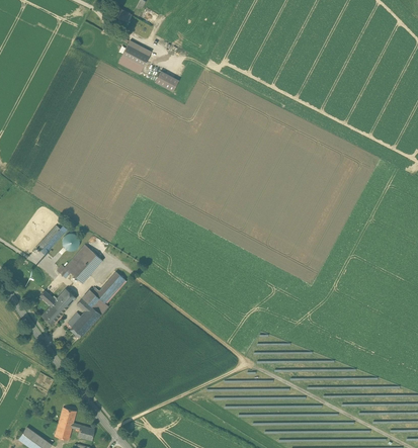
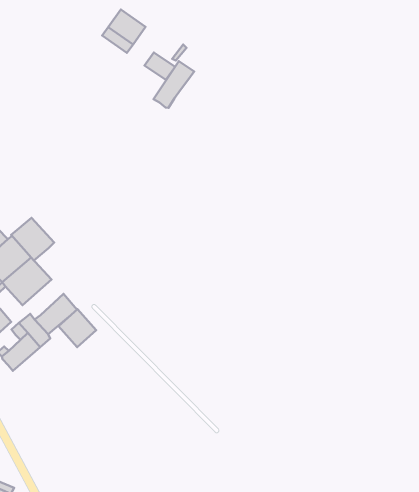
building: none -> [153,61,194,108]
building: none -> [11,218,54,261]
building: none -> [58,309,96,347]

